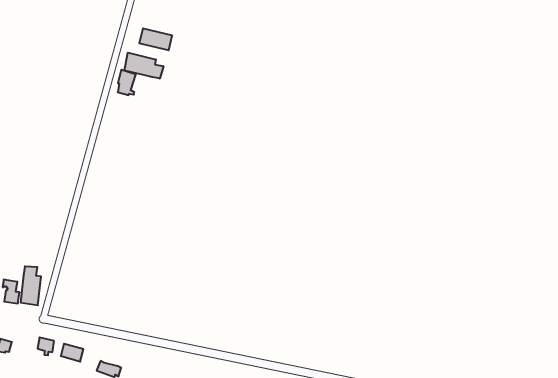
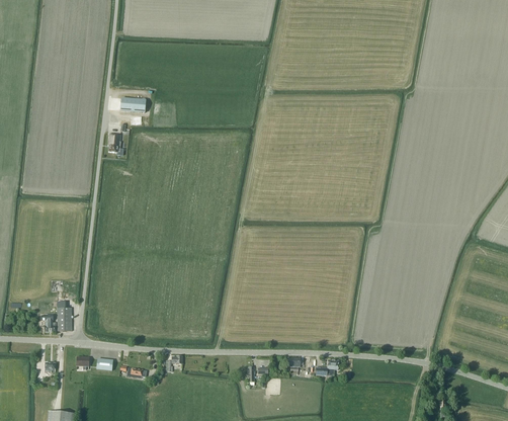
building: [124,53,163,79] -> none

